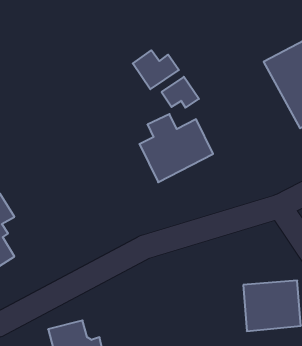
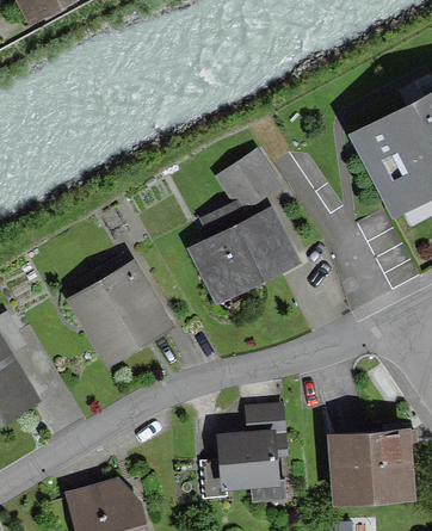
building: [133,50,179,89] -> none
building: none -> [78,257,162,354]
building: none -> [200,409,286,499]

